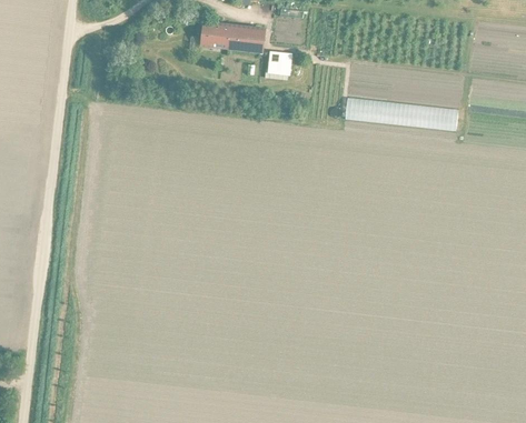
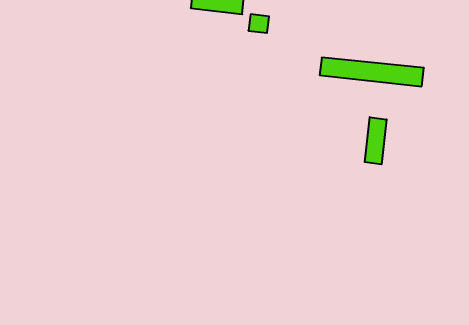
building: none -> [365,117,387,164]

